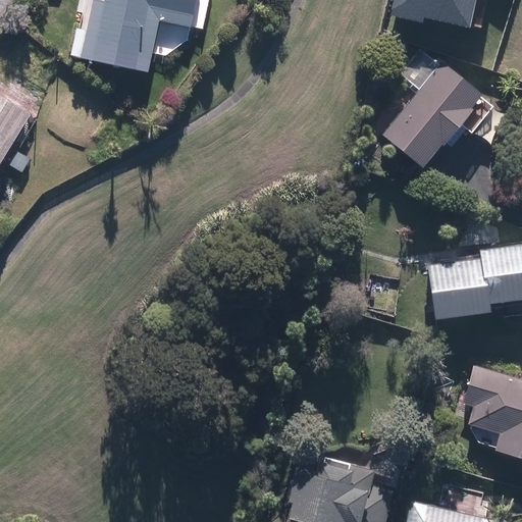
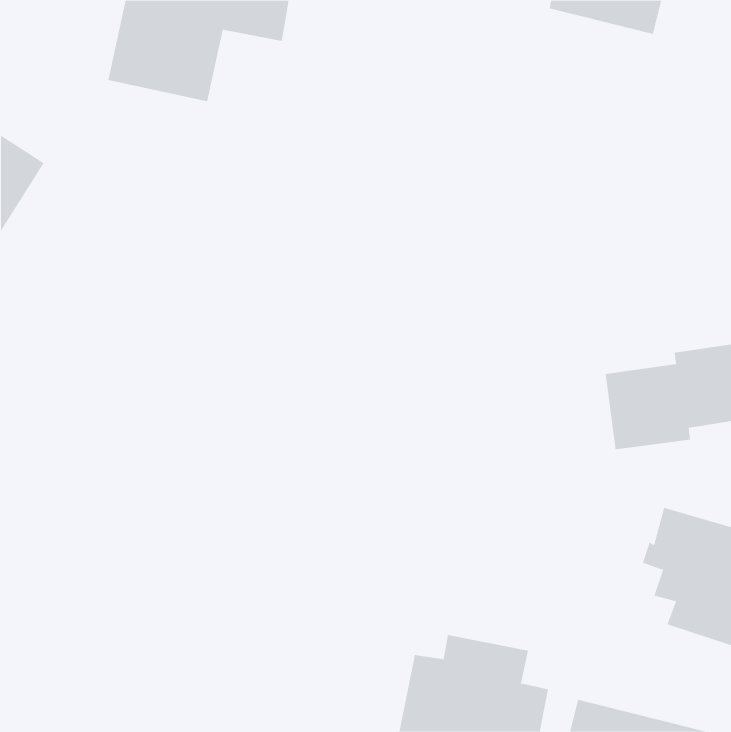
building: [383,47,482,168] -> none

